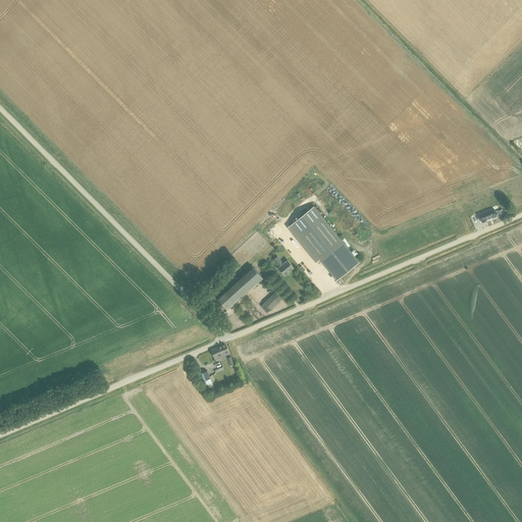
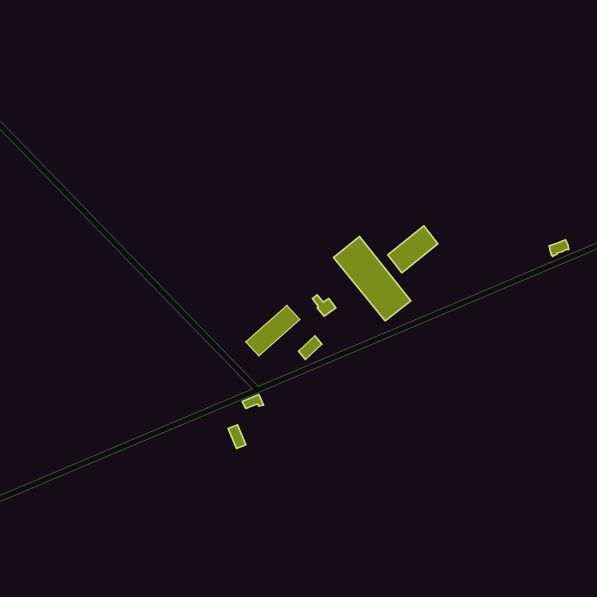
building: none -> [388,226,438,273]

